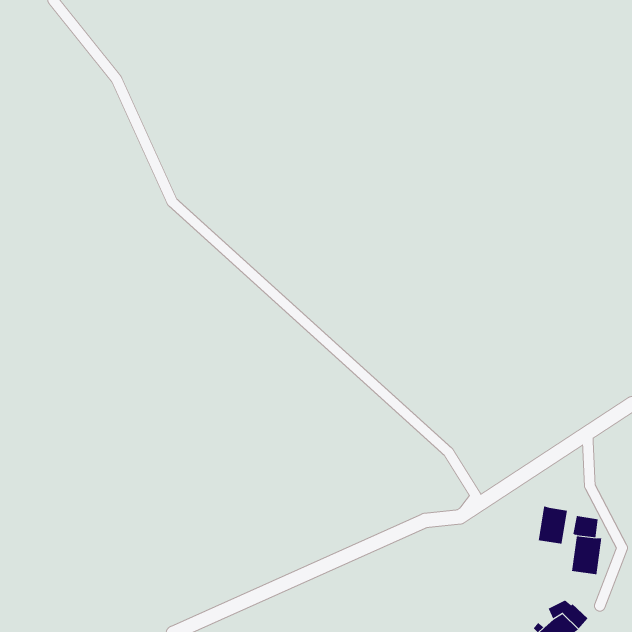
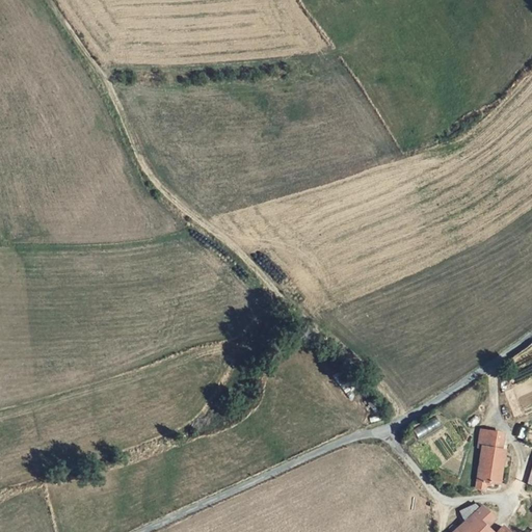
building: [538,505,567,544] -> none

